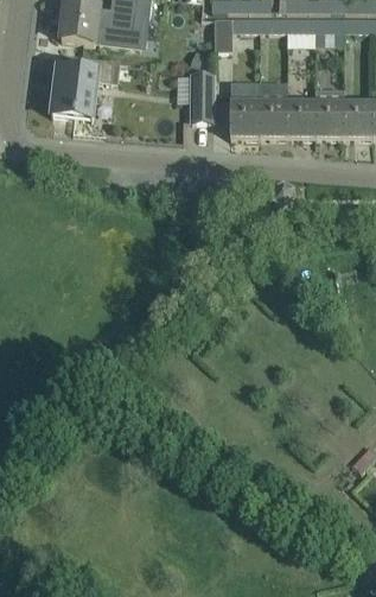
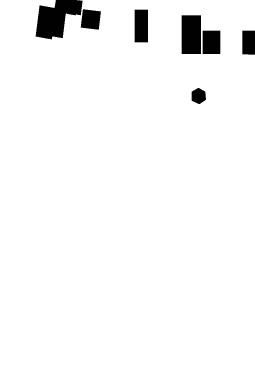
building: none -> [80,8,101,30]
building: [229,82,257,138] -> none
building: [314,89,343,138] -> none

